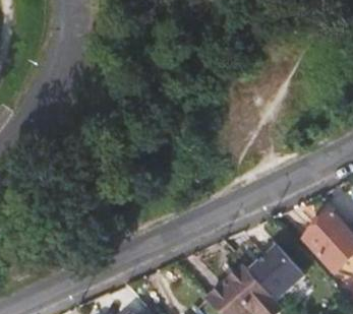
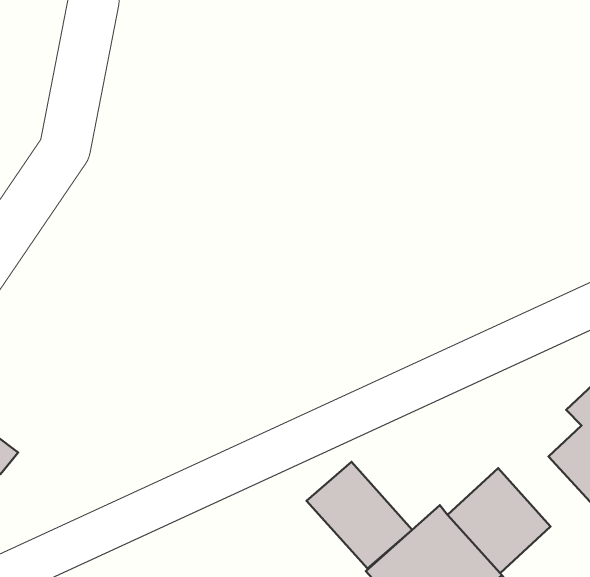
building: none -> [307,462,412,569]

